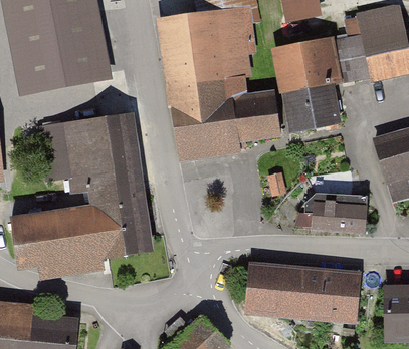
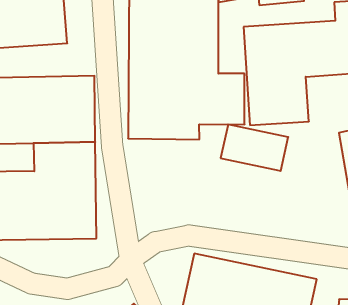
building: [312,200,372,237] -> [221,124,288,171]

